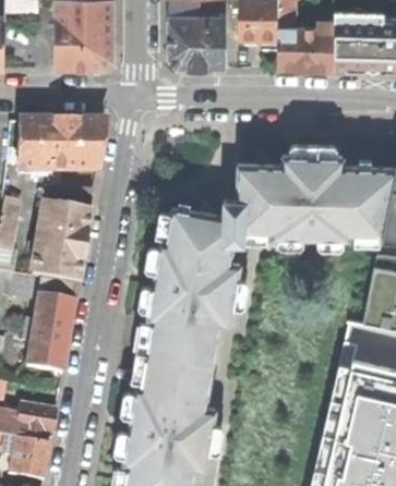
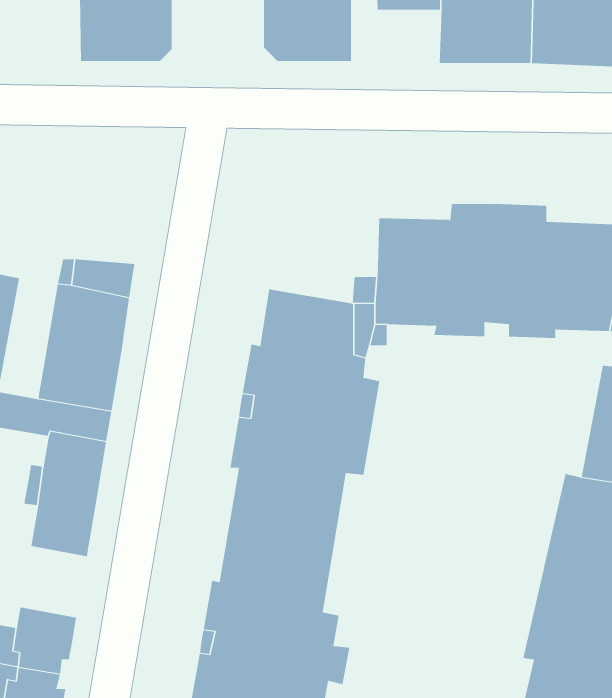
building: [17,122,103,171] -> none

